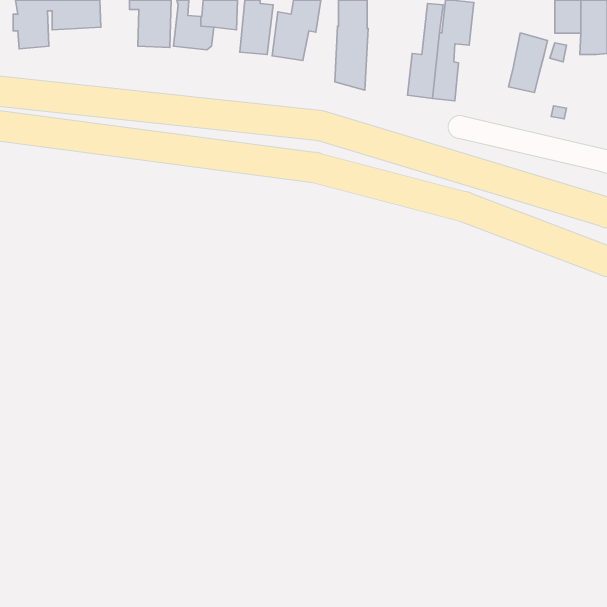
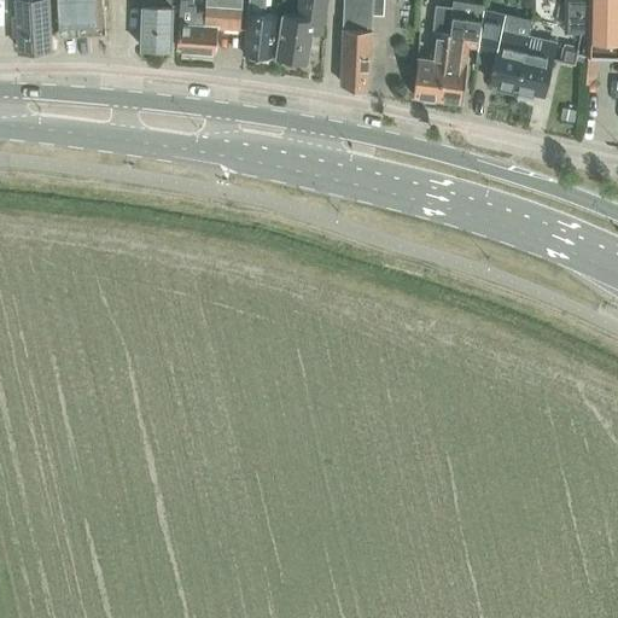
building: none -> [478,7,530,88]

